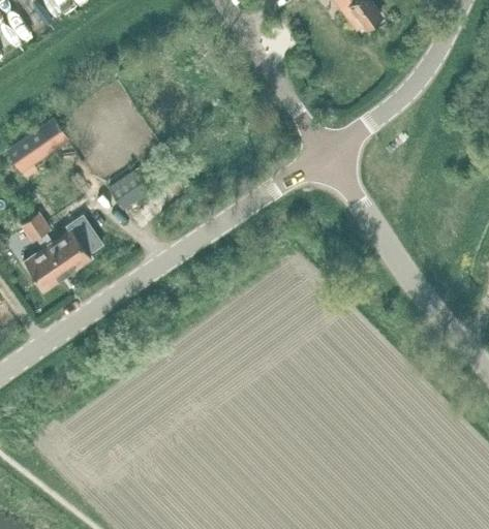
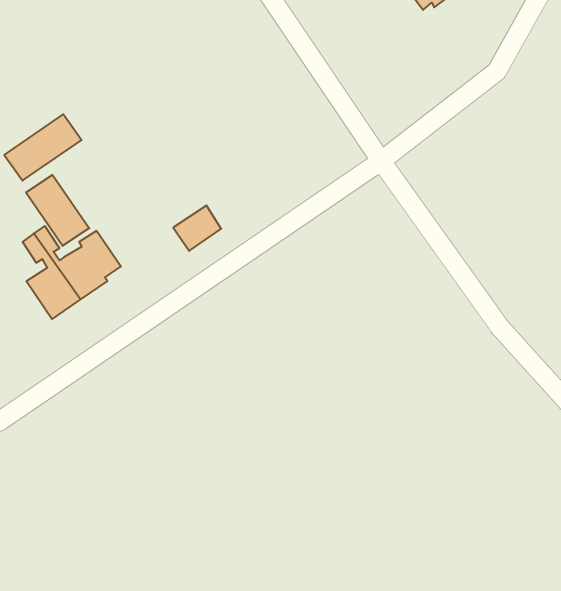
building: [111,168,151,207] -> [173,205,221,251]
building: none -> [26,175,89,246]

